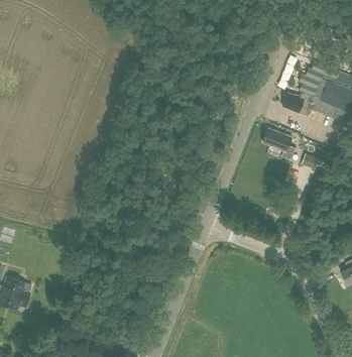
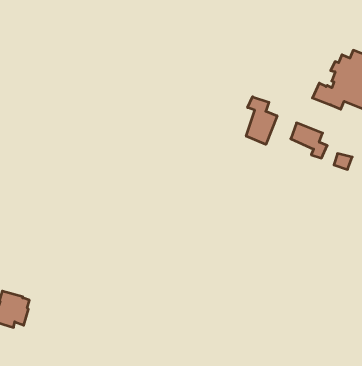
building: none -> [246,97,277,144]

